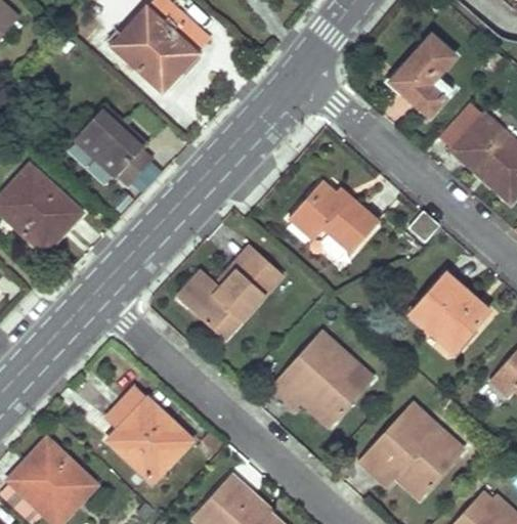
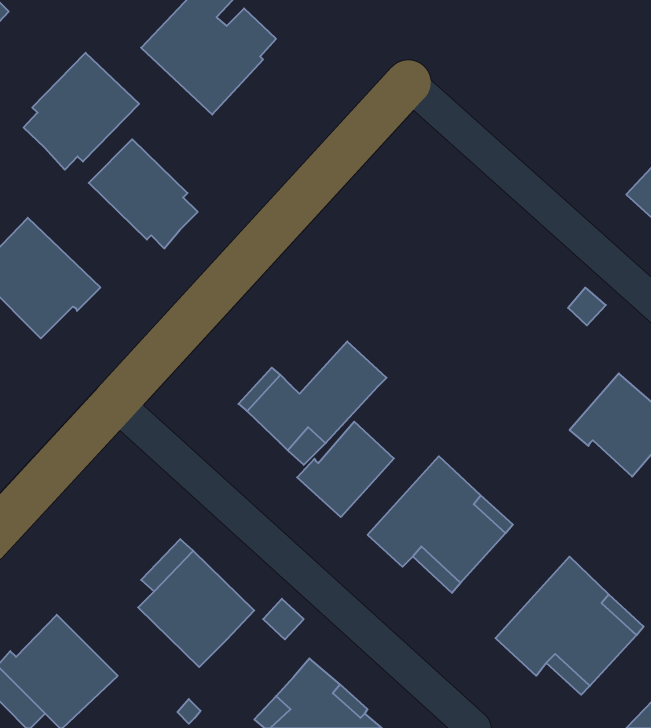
building: [391,34,455,113] -> none
building: none -> [24,53,139,170]
building: [290,180,378,253] -> none
building: none -> [297,422,394,517]

